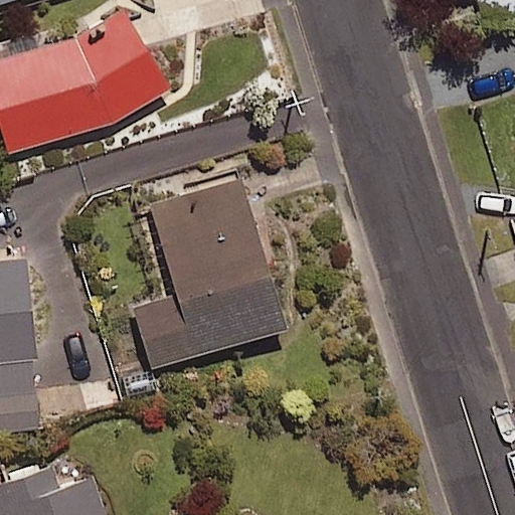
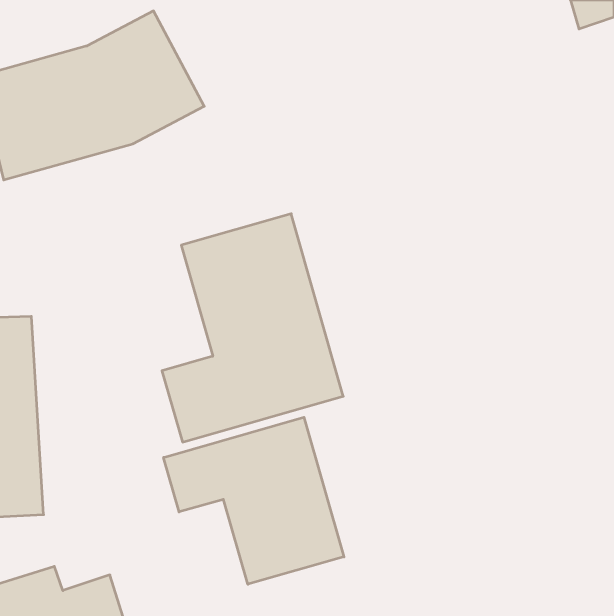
building: none -> [164,417,344,584]

